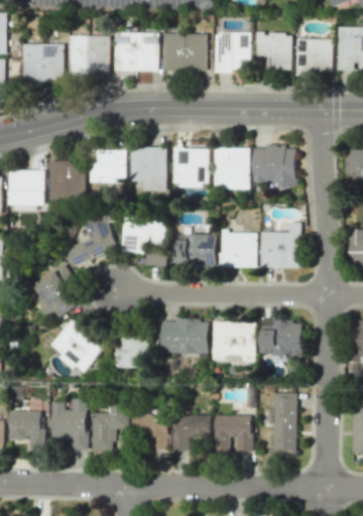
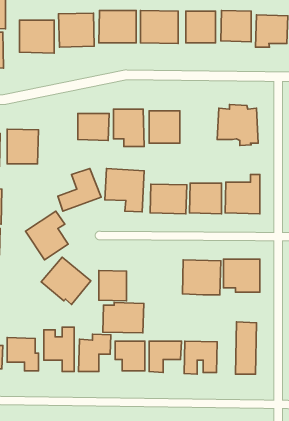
building: [215,147,251,188] -> none
building: [49,161,86,202] -> none
building: [161,318,209,354] -> [103,302,144,333]

